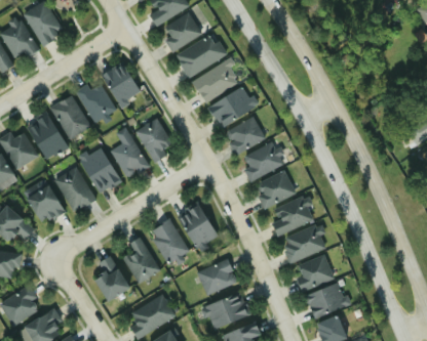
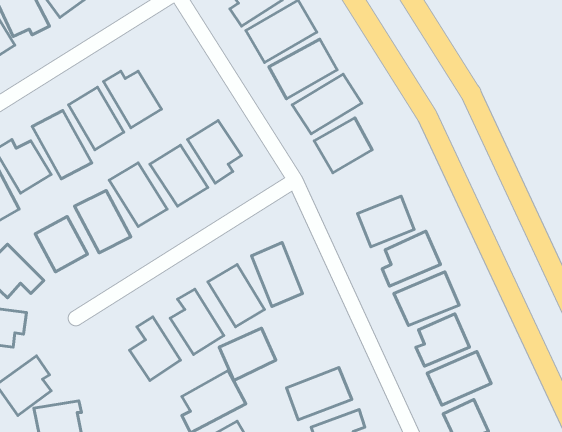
building: [104,62,139,105] -> none
building: [243,141,282,181] -> none
building: [197,258,237,295] -> [219,328,276,380]

